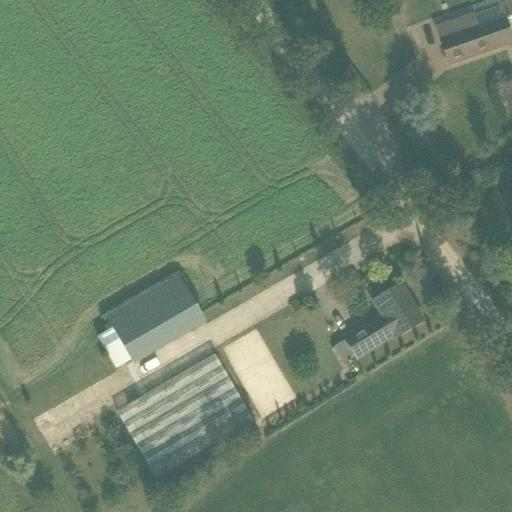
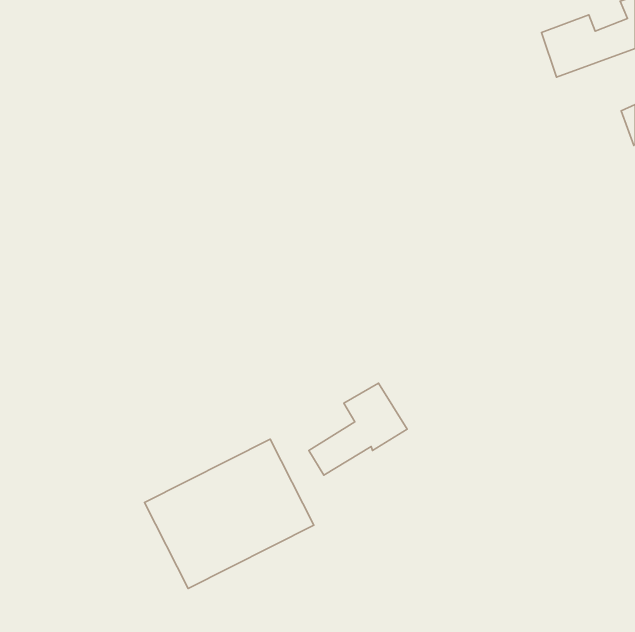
building: [104,274,203,361] -> none
building: [343,283,422,357] -> [309,383,407,475]

